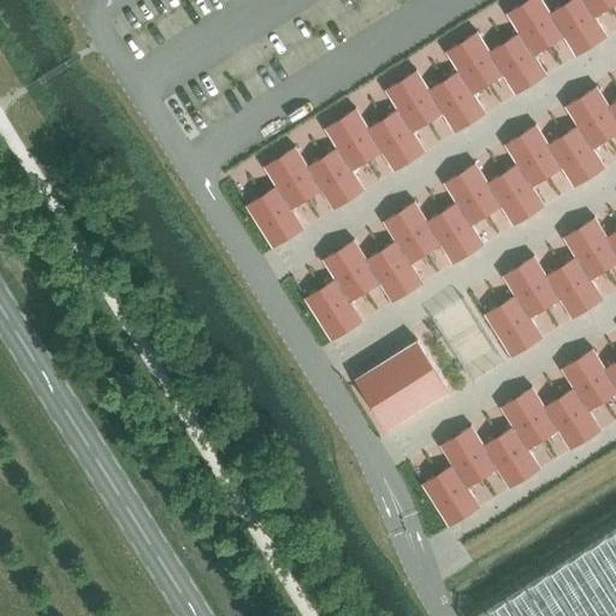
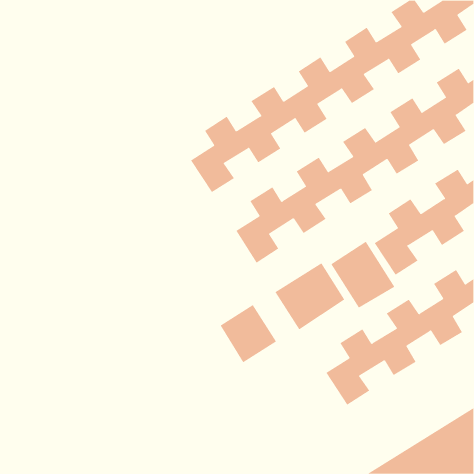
building: none -> [330,241,395,309]
building: none -> [220,304,277,363]

